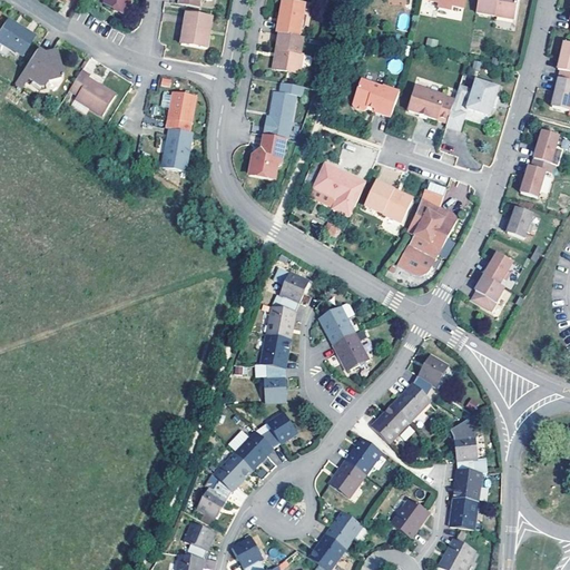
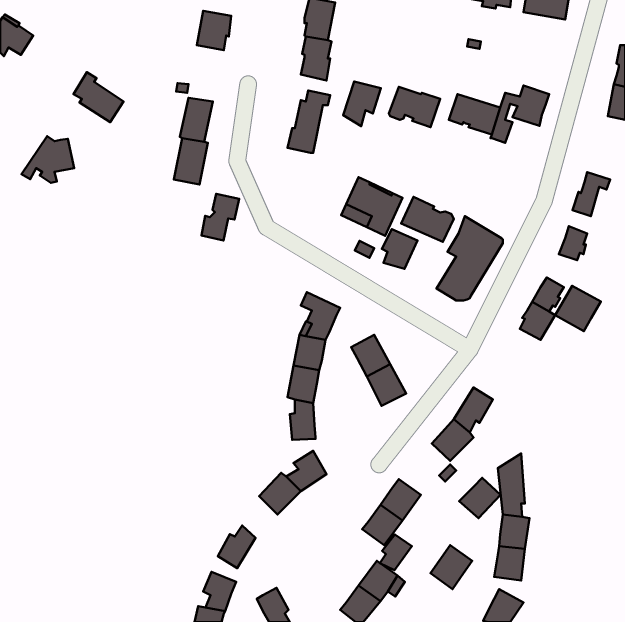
building: [10,43,58,86] -> [21,136,74,183]
building: none -> [343,81,381,126]
building: [534,129,563,165] -> none
building: [248,135,283,177] -> [201,194,239,240]
building: none -> [382,229,418,269]
building: none -> [555,286,601,331]
building: [372,404,410,441] -> [459,478,501,518]
building: [215,452,253,490] -> none
building: none -> [380,534,412,570]

